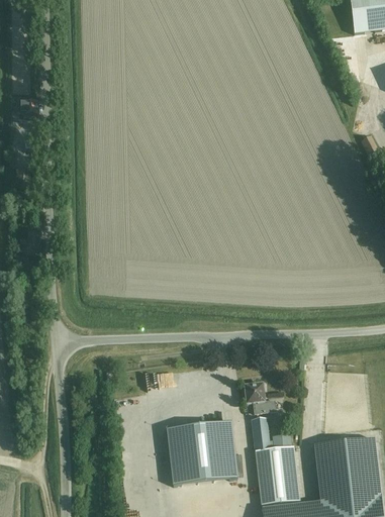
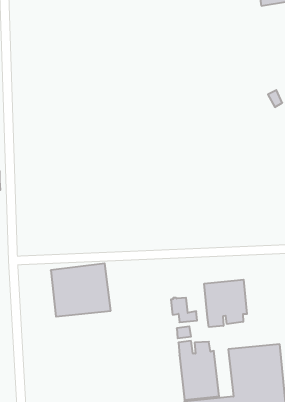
building: none -> [204,280,247,327]
building: [166,421,237,485] -> [51,263,111,317]

